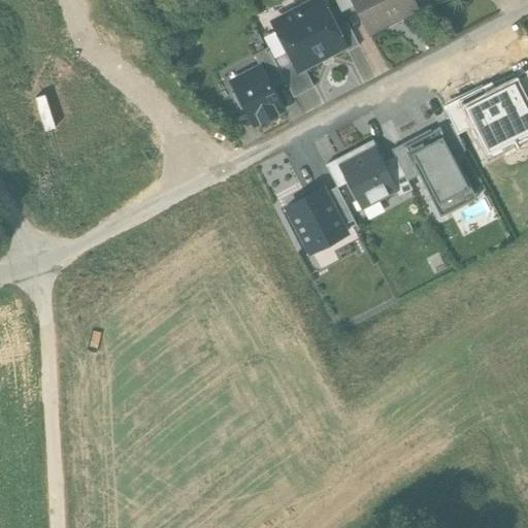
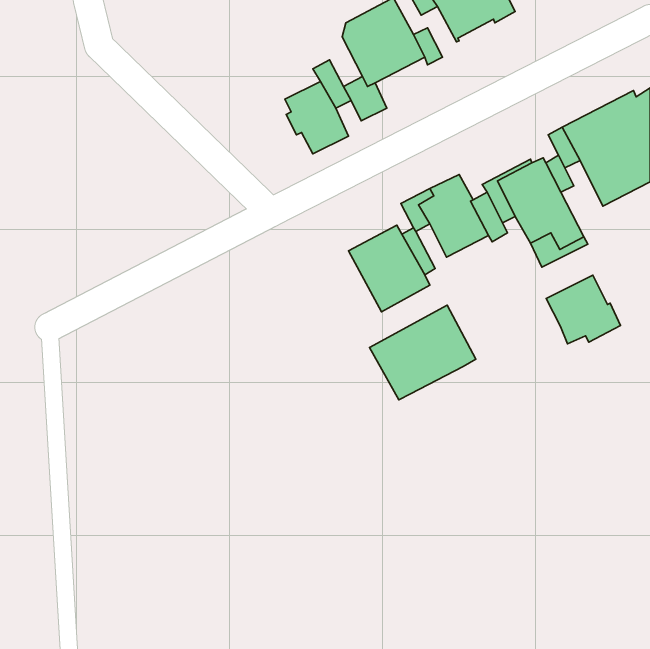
building: none -> [546,275,620,344]
building: none -> [370,305,476,400]

